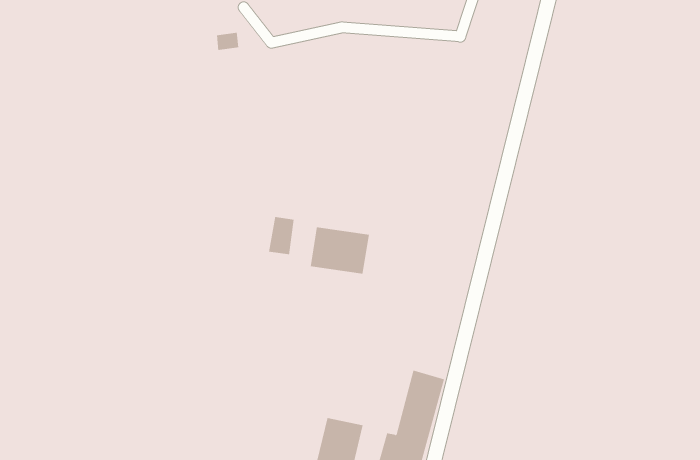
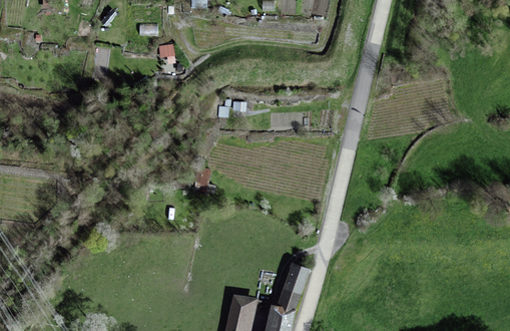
building: [310,227,370,274] -> none

